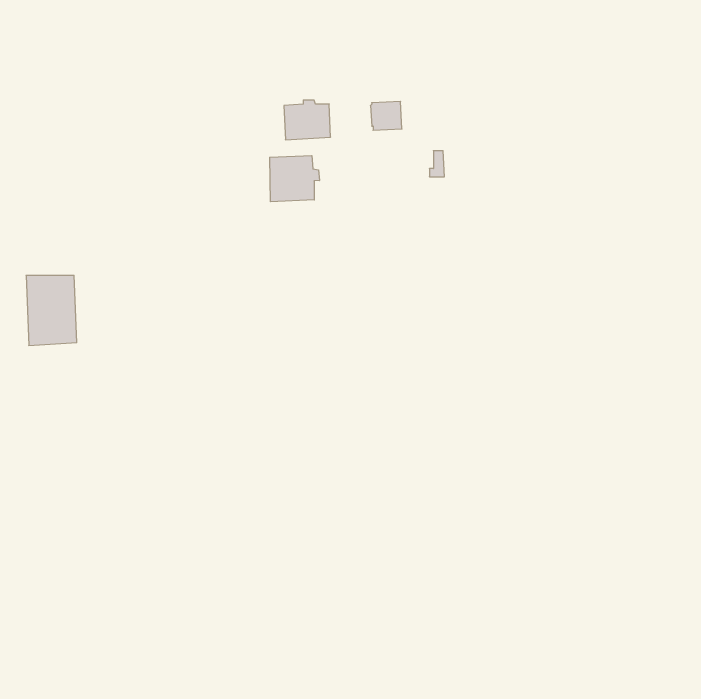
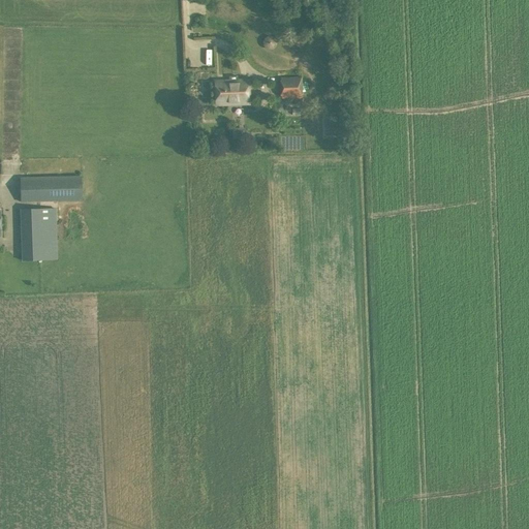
building: [270,156,319,202] -> none
building: none -> [20,175,82,201]

